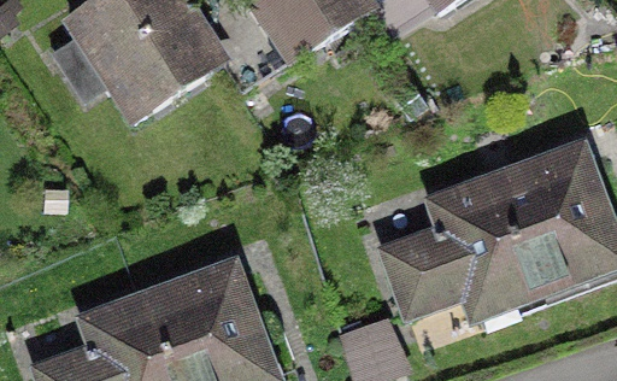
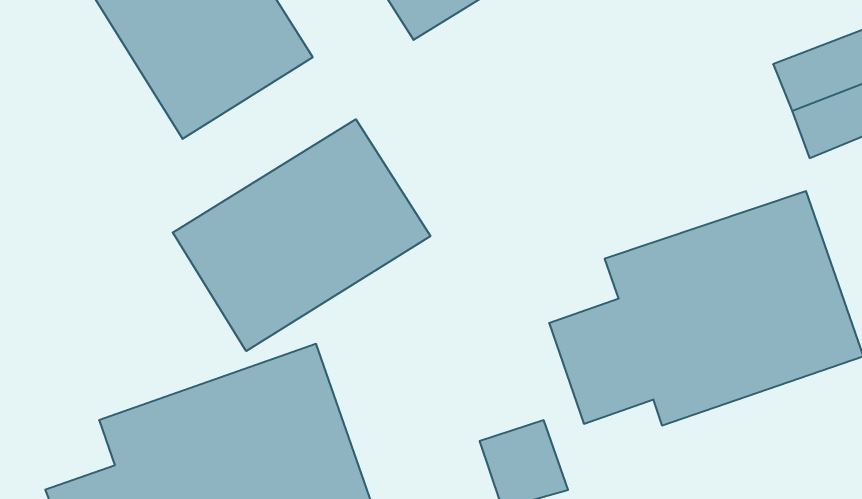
building: none -> [173,119,430,351]

